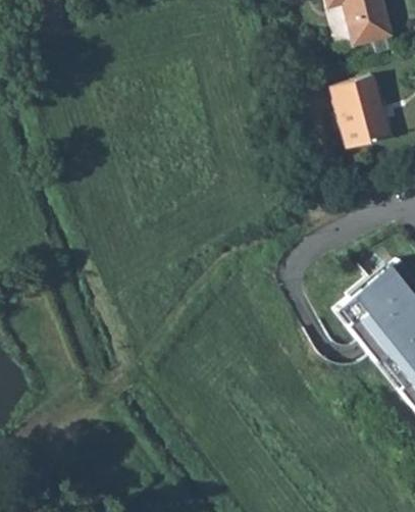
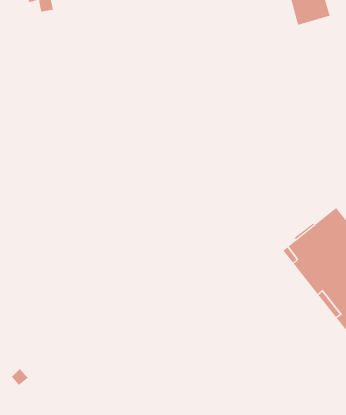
building: [330,75,390,148] -> none

